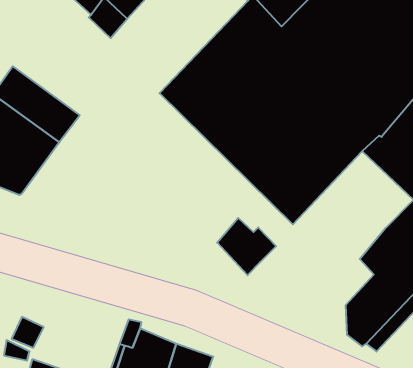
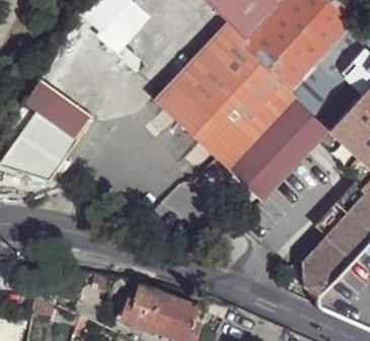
building: [217,218,276,275] -> none

